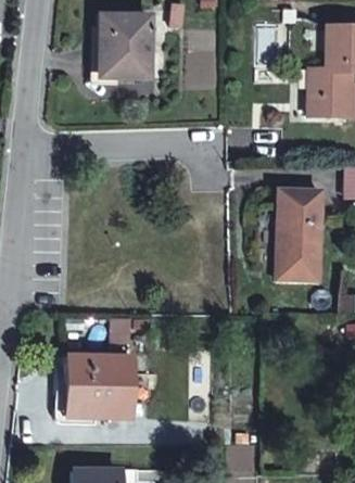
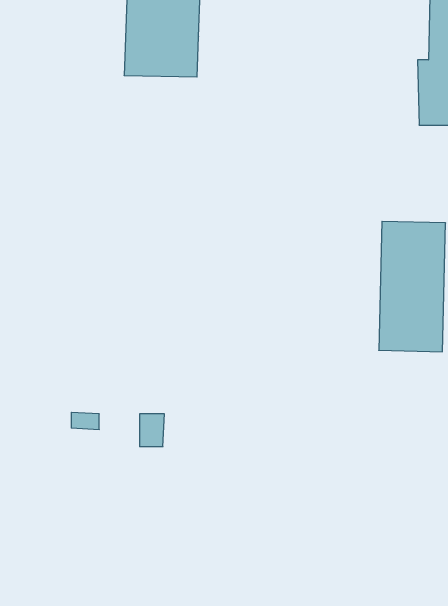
building: [56,361,128,422] -> none

